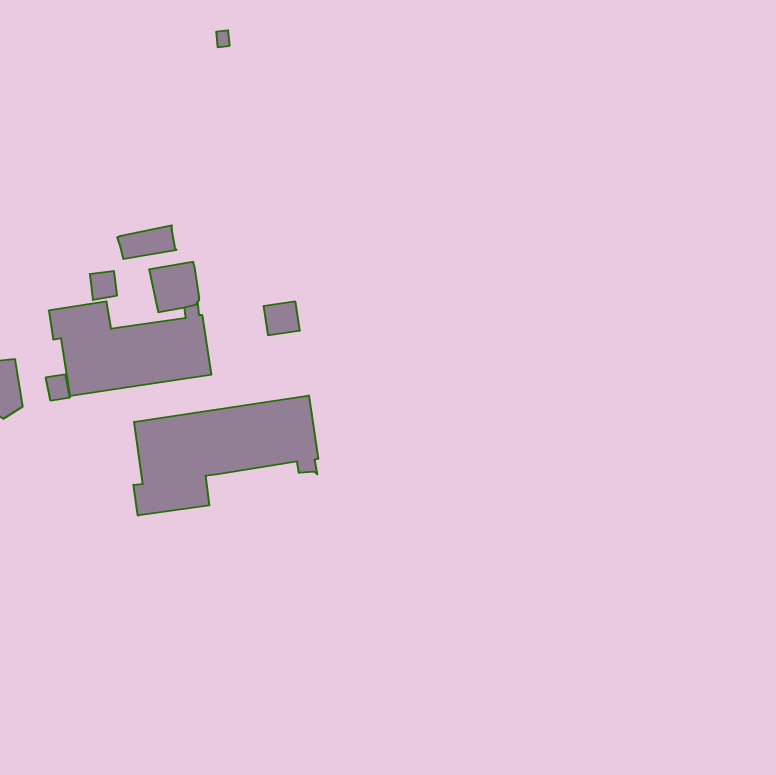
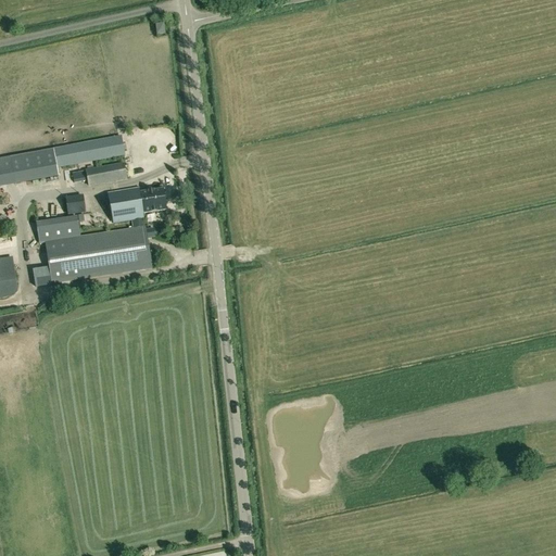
building: none -> [10,136,122,182]
building: [263,302,300,335] -> [139,188,165,212]
building: [133,395,318,516] -> none

